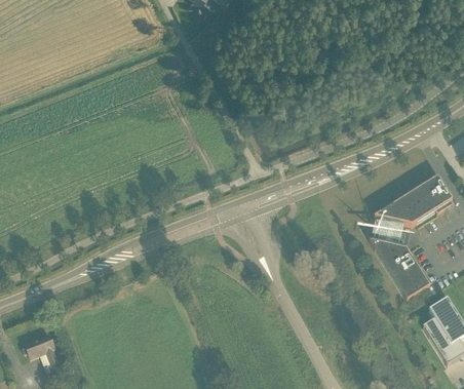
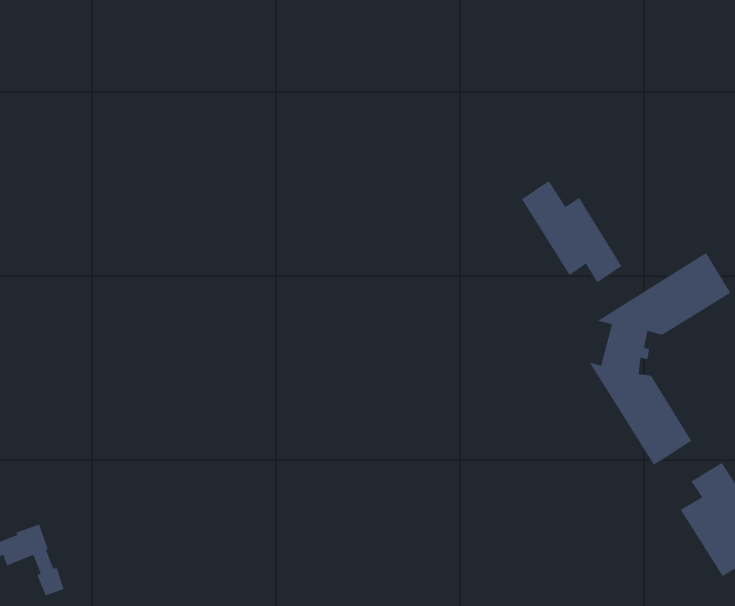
building: none -> [521,180,622,283]

